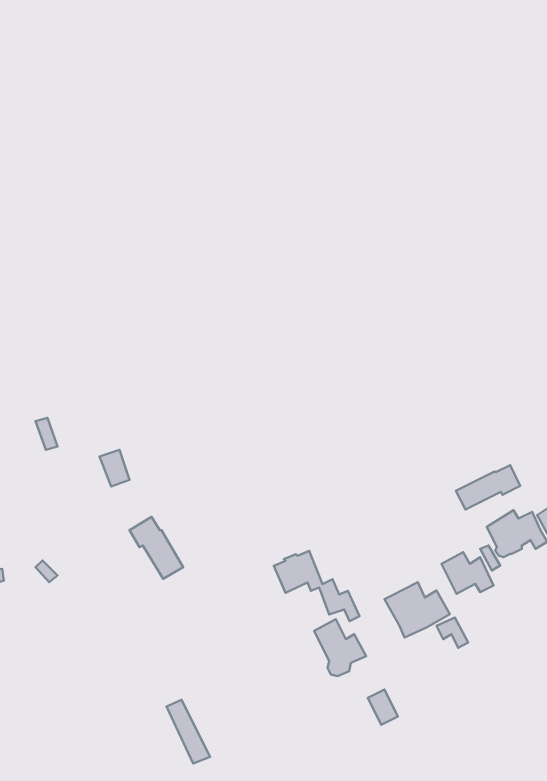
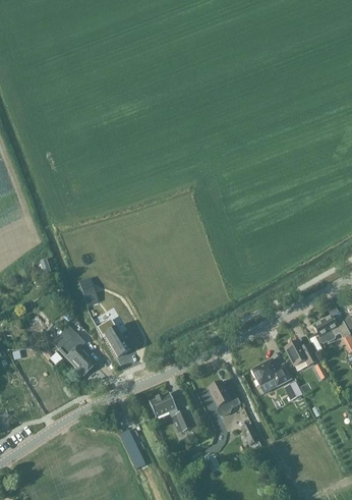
building: [456,465,520,510] -> none
building: none -> [51,326,96,376]
building: [274,551,359,621] -> [149,392,200,435]

